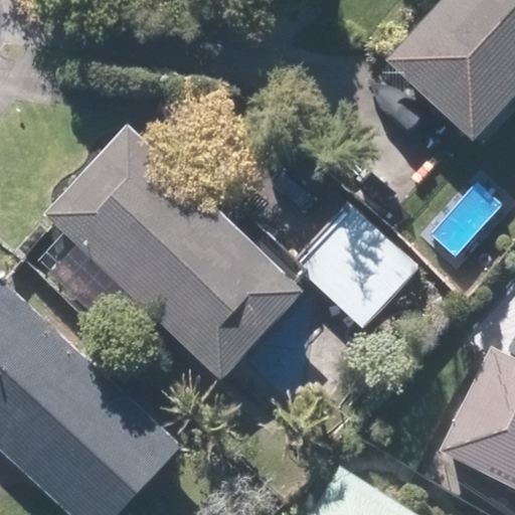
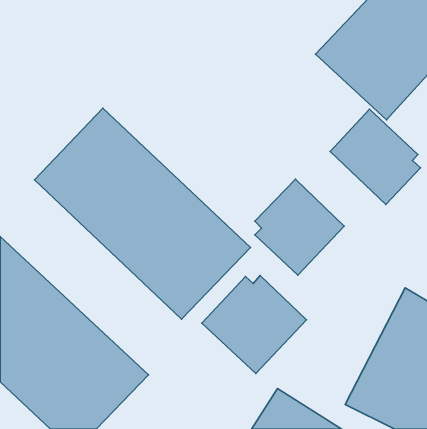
building: none -> [330,109,421,204]
building: none -> [202,276,306,373]

